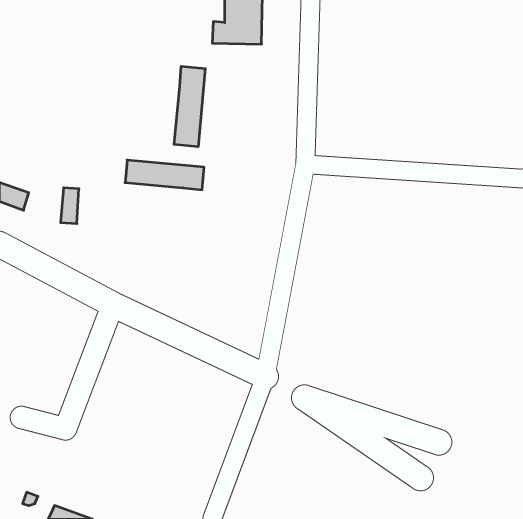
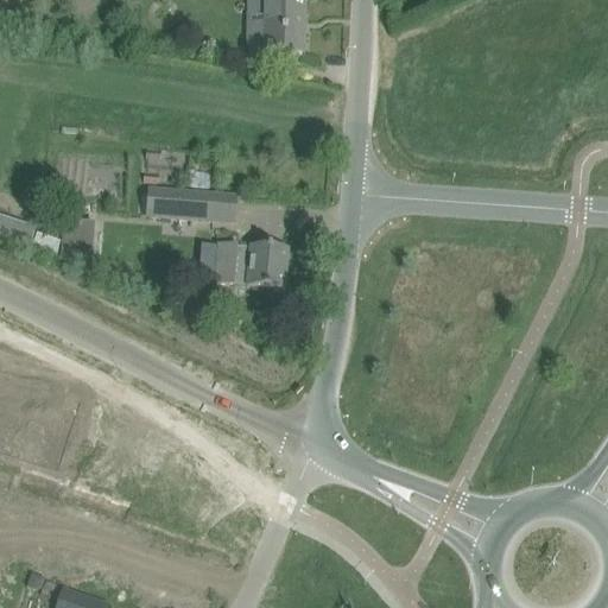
building: [174,66,205,147] -> none
building: none -> [214,240,287,287]

